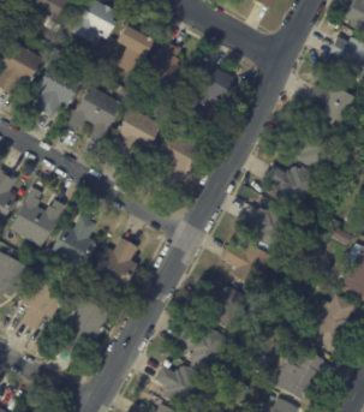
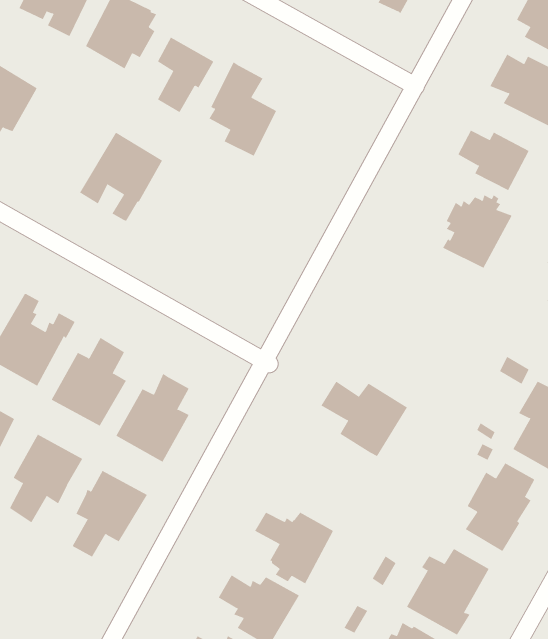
building: [35,62,80,117] -> none
building: [186,67,234,107] -> none
building: [115,107,161,160] -> none
building: [153,130,199,185] -> none
building: [275,166,317,210] -> none
building: [243,205,294,250] -> none
building: [207,286,251,332] -> none

